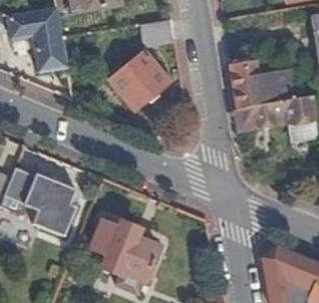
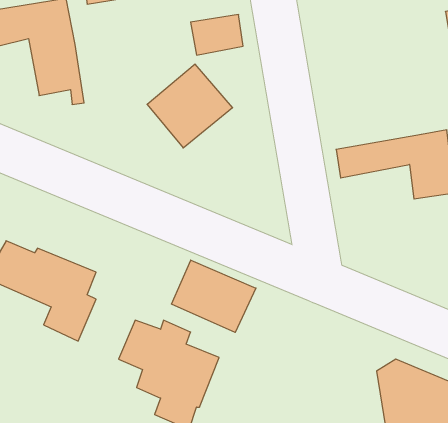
building: [231,64,294,107] -> none
building: none -> [172,260,256,332]

